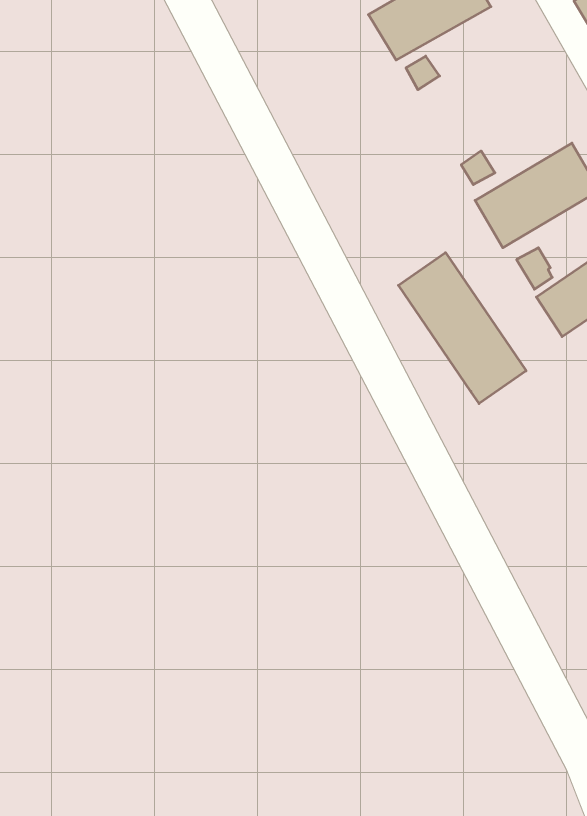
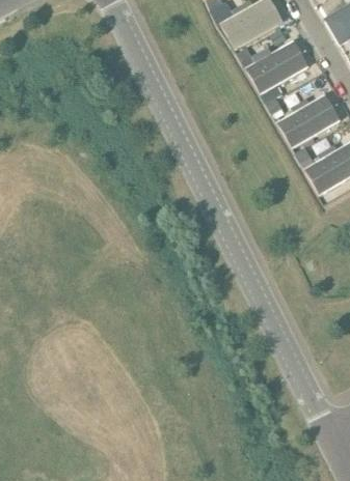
building: none -> [244,39,306,93]
building: [398,253,526,404] -> none

